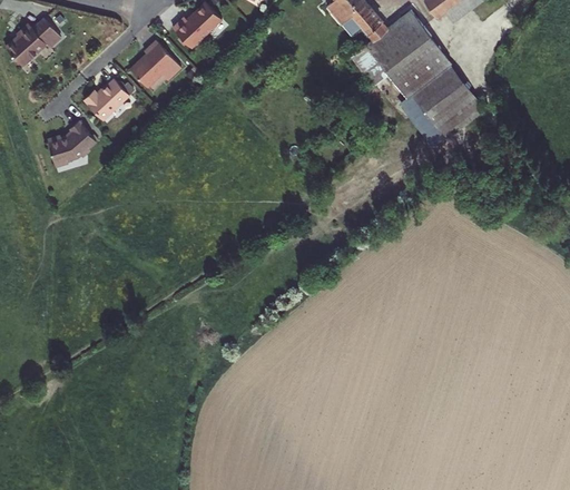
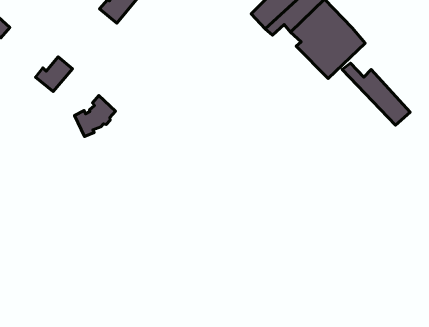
building: [130,41,181,89] -> none
building: [47,119,97,166] -> [74,96,116,136]
building: none -> [342,63,410,125]

